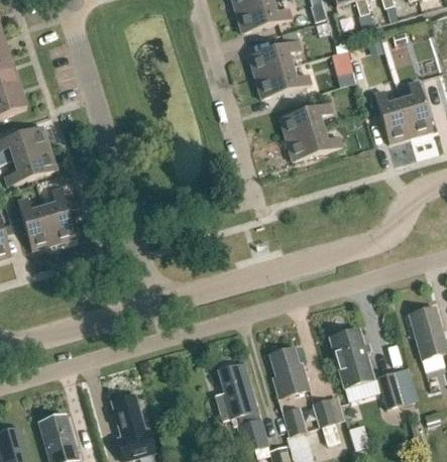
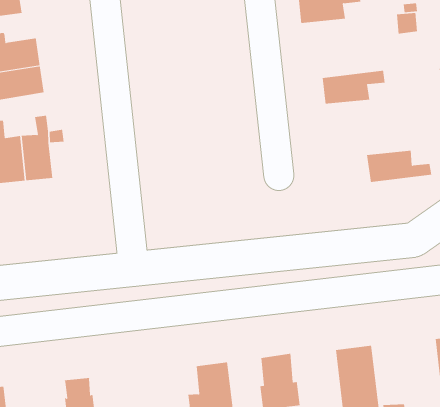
building: [254,66,311,98] -> none
building: [286,128,342,160] -> [366,150,432,183]

